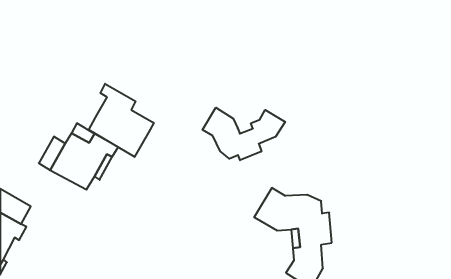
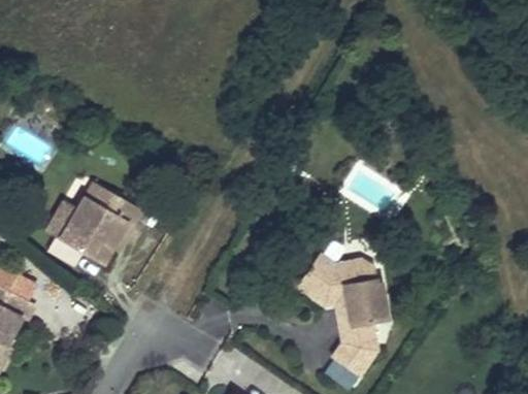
building: [89,84,154,157] -> none
building: [202,108,285,160] -> none

